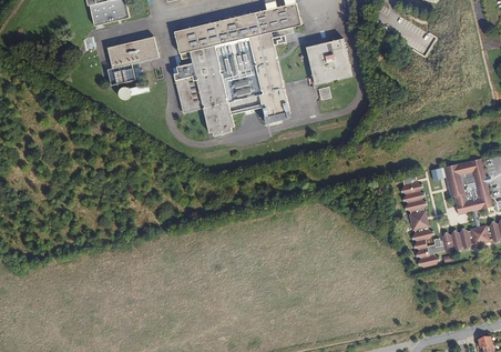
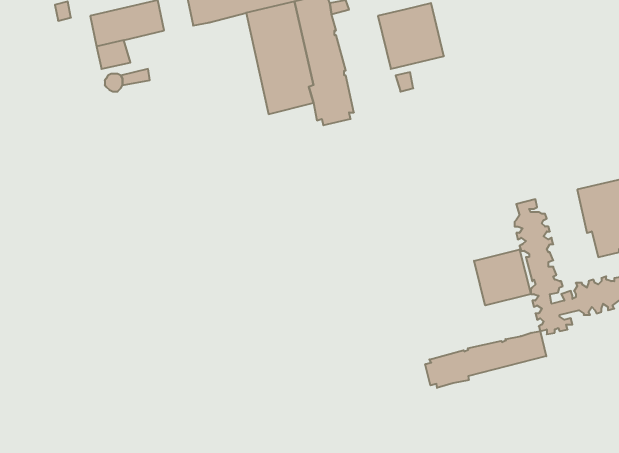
building: [172,44,234,135] -> none
building: none -> [474,249,531,305]
building: none -> [425,331,546,388]

